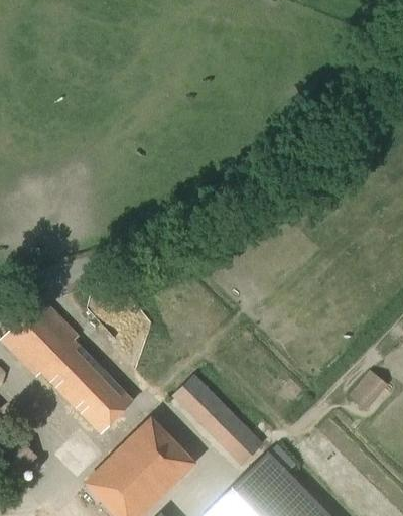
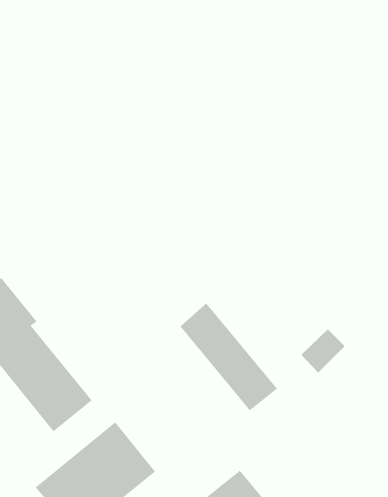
building: [348,371,387,411] -> [300,329,346,373]
building: [171,374,263,467] -> [179,303,278,411]

